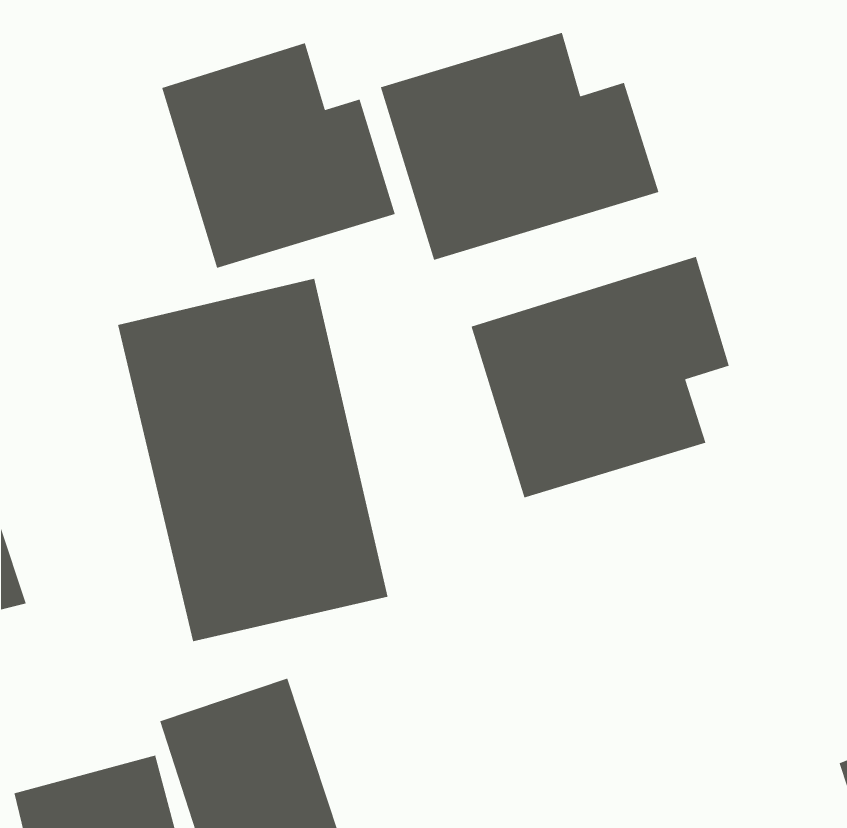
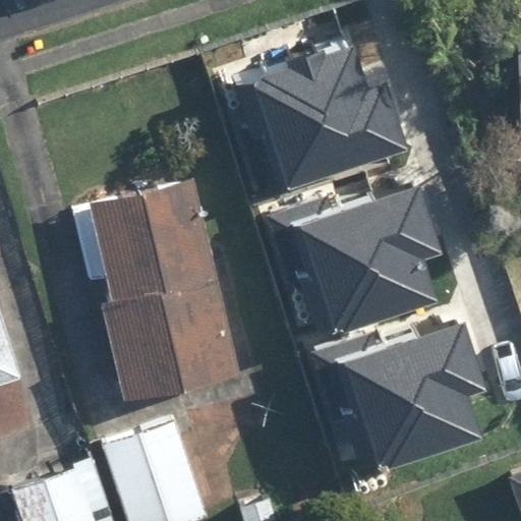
building: [161,42,396,269] -> none
building: none -> [330,307,487,456]

